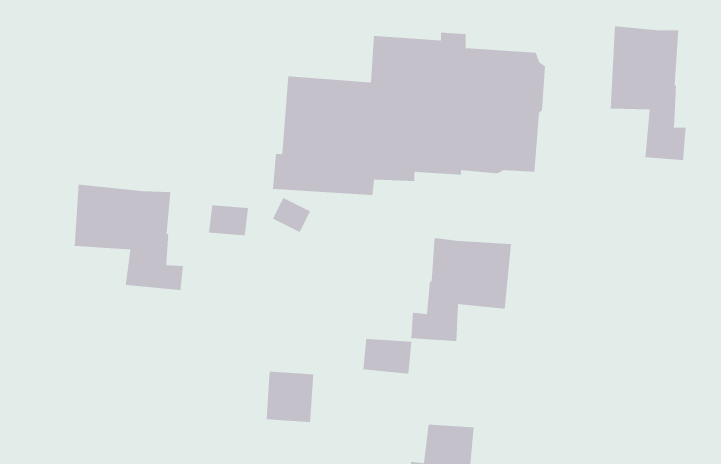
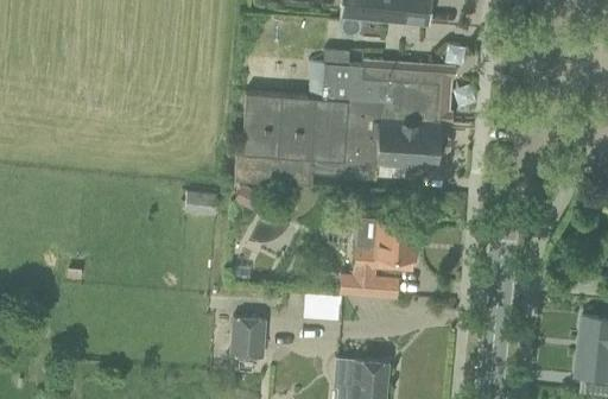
building: [610,25,686,161] -> none
building: [74,184,184,291] -> none

